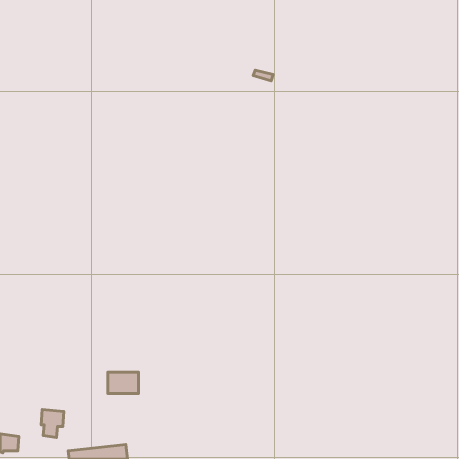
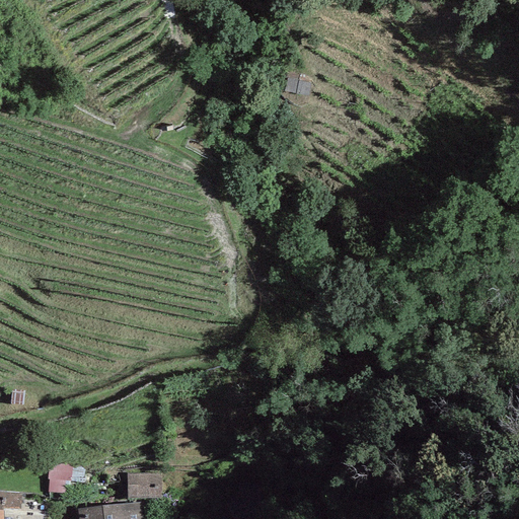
building: [108,372,139,394] -> [127,474,161,499]

